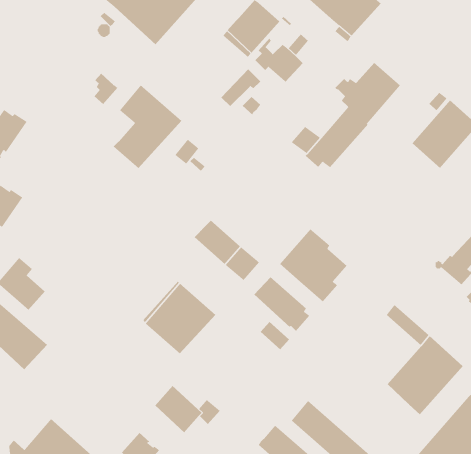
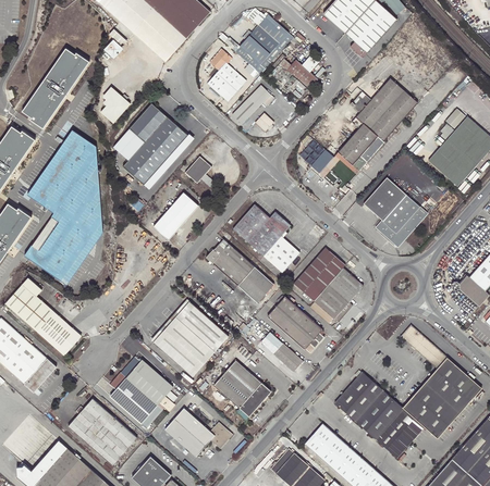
building: none -> [22,48,90,128]
building: none -> [208,49,246,101]
building: none -> [113,127,145,159]
building: none -> [24,129,102,285]
building: none -> [363,177,428,245]
building: none -> [155,192,199,239]
building: none -> [233,204,299,273]
building: none -> [37,312,82,356]
building: none -> [110,357,174,428]
building: none -> [215,360,271,416]
building: none -> [335,371,425,458]
building: none -> [68,399,137,465]

